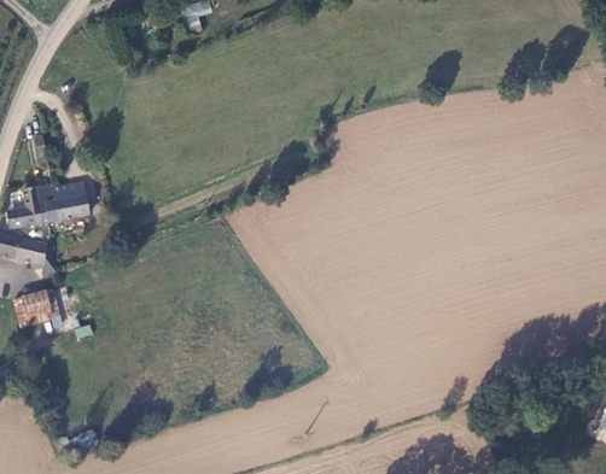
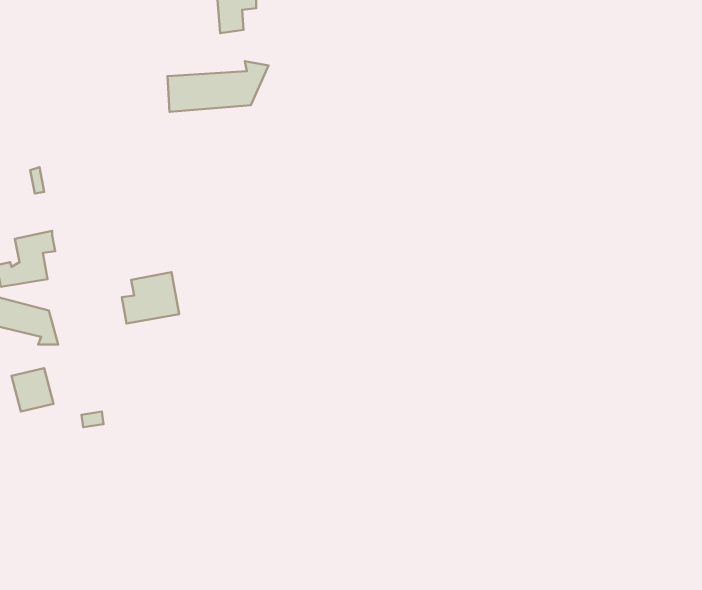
building: none -> [168,61,268,112]
building: [43,187,88,227] -> [122,272,179,324]

